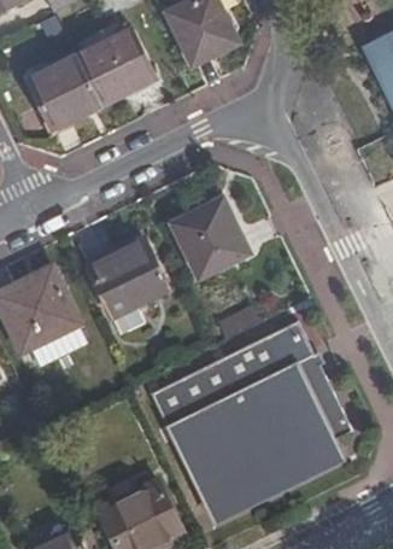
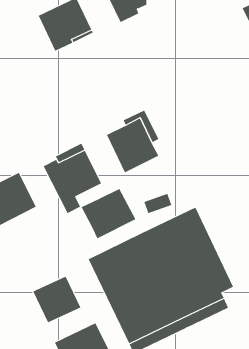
building: [30,57,101,129] -> none
building: none -> [81,188,136,239]
building: none -> [32,276,81,323]

